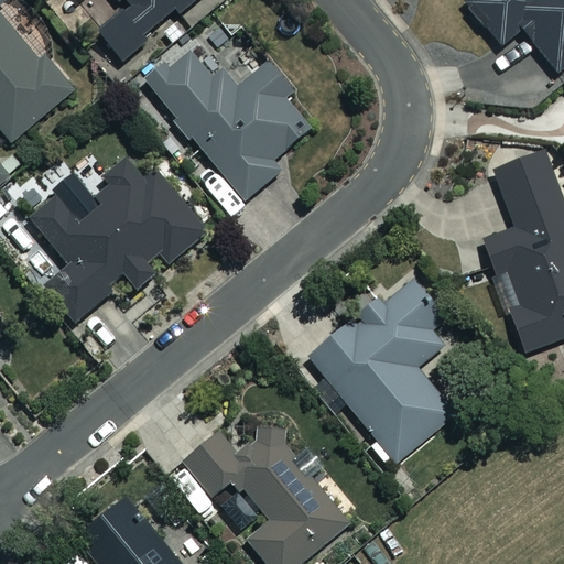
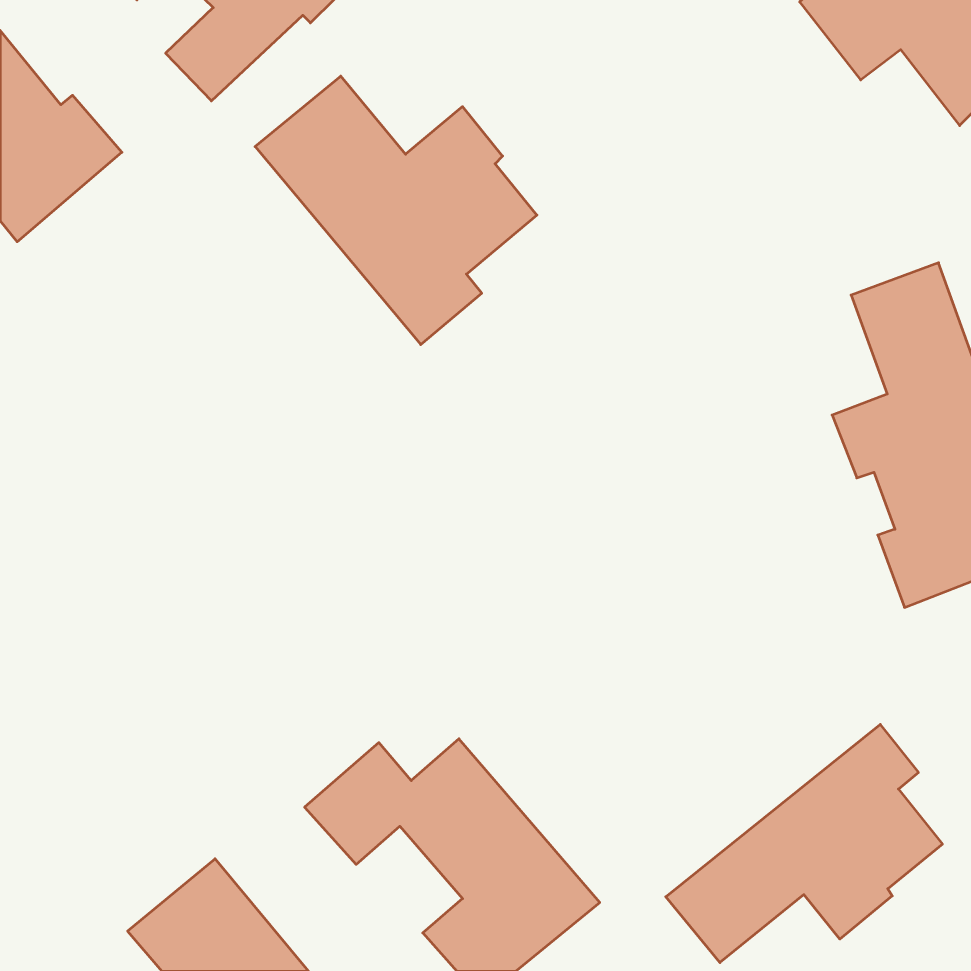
building: [26,162,208,322] -> none
building: [308,279,455,466] -> none
building: none -> [666,724,942,963]

